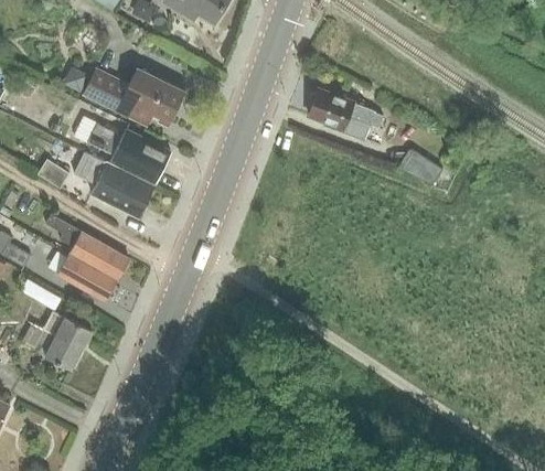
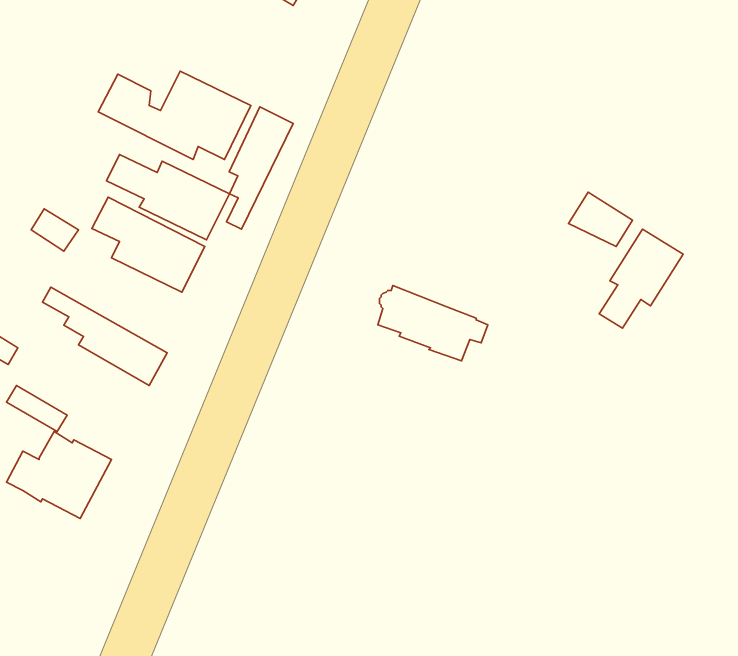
building: [308,88,382,139] -> [378,285,488,361]
building: none -> [226,107,293,229]
building: none -> [599,229,683,328]
building: [56,251,116,300] -> none

